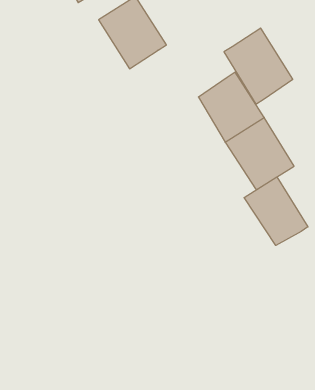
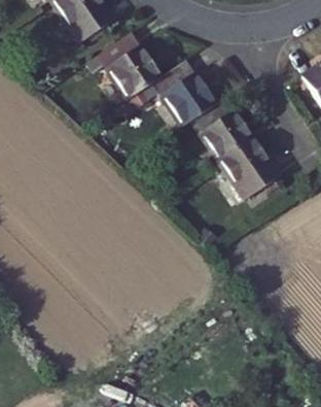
building: [224,28,293,104] -> [153,54,217,123]
building: [244,177,308,245] -> none

